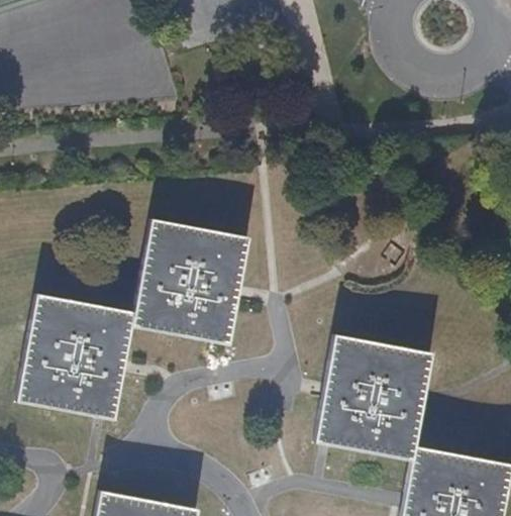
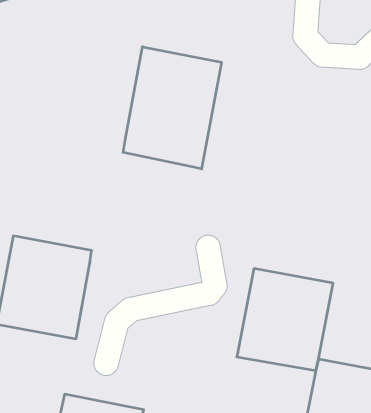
building: none -> [123,47,221,169]
building: [132,219,250,345] -> none

